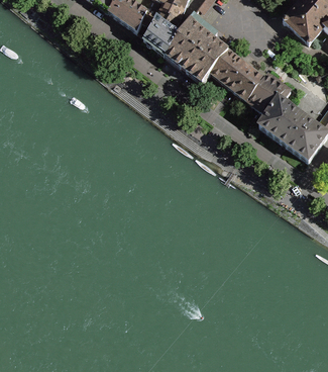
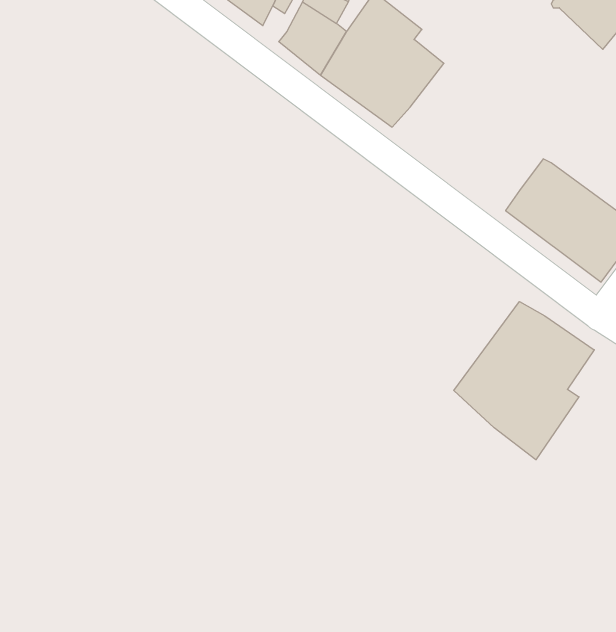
building: [211,51,291,115] -> none
building: none -> [454,302,594,460]

